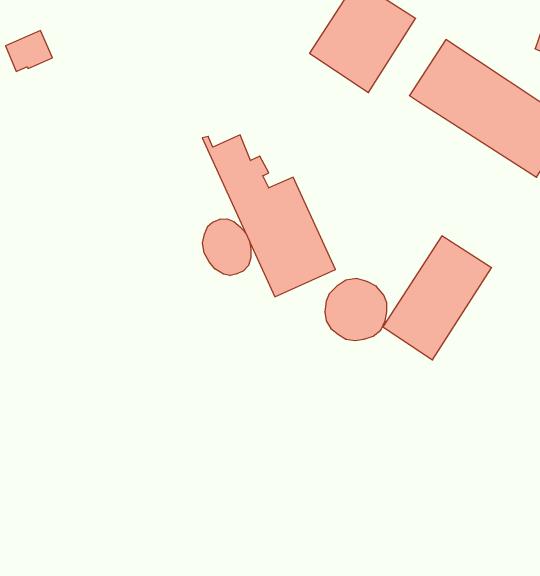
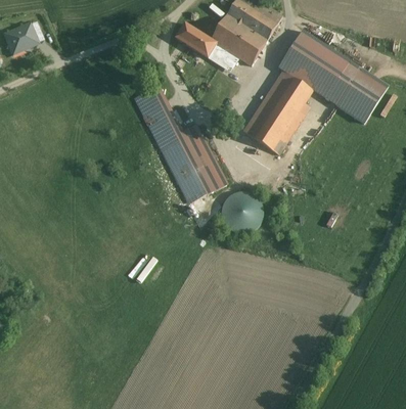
building: none -> [174,24,228,66]
building: [202,219,251,276] -> none
building: [383,236,492,360] -> [243,73,317,156]

